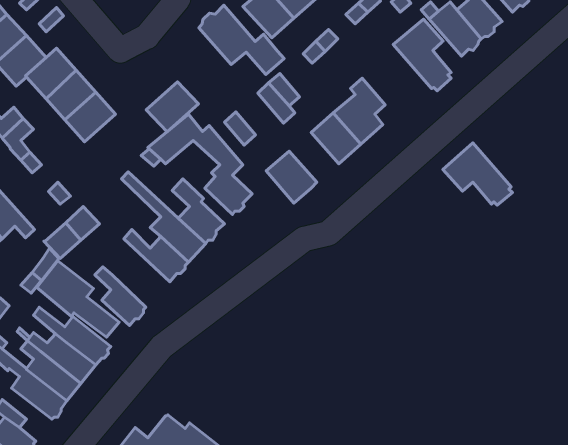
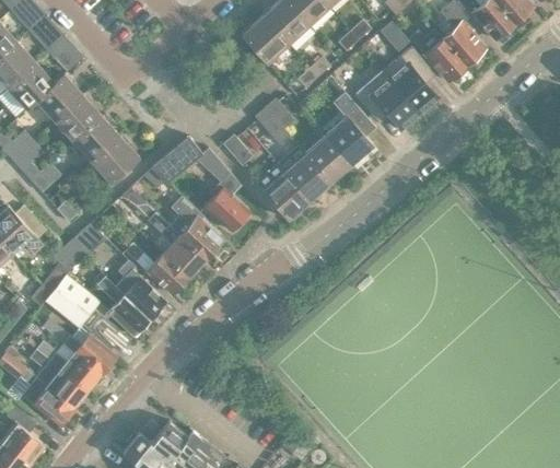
building: [199,5,284,75] -> none
building: [146,82,198,132] -> [90,137,139,184]
building: none -> [283,154,330,201]
building: [443,143,512,205] -> [353,71,419,130]
building: none -> [116,262,164,319]

